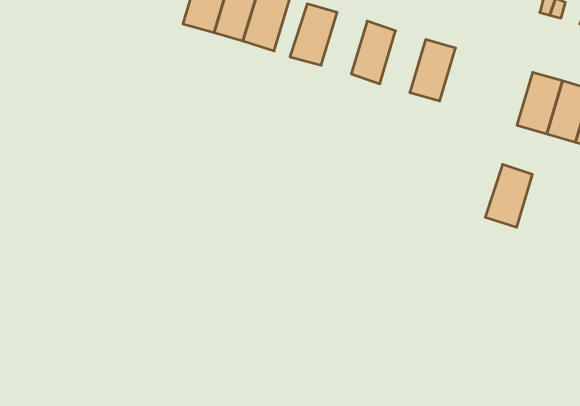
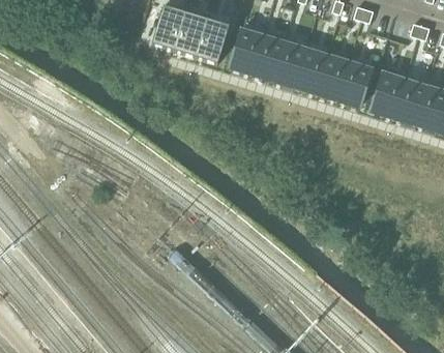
building: none -> [251,35,285,80]
building: none -> [294,49,327,93]
building: none -> [337,61,371,107]
building: [485,164,532,227] -> [371,71,405,117]

